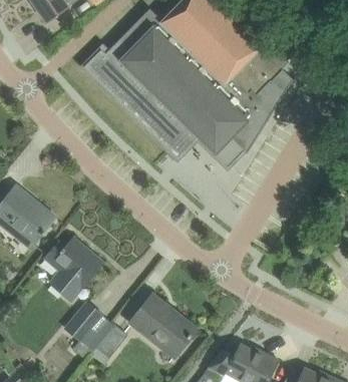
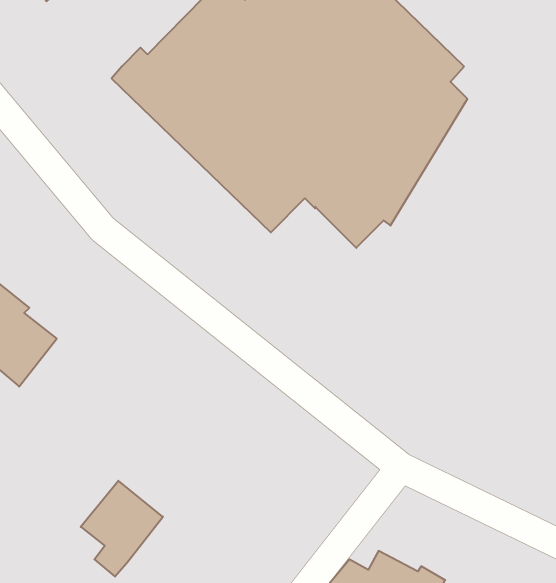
building: [45,239,102,302] -> none
building: [129,294,197,357] -> none
building: [95,324,126,358] -> none

